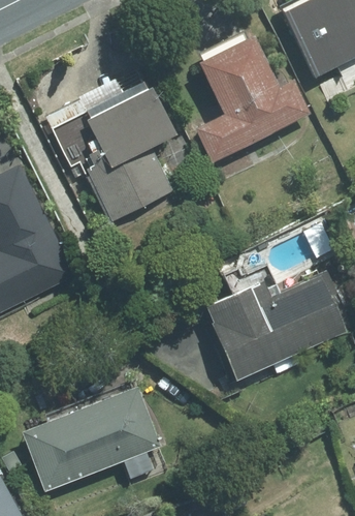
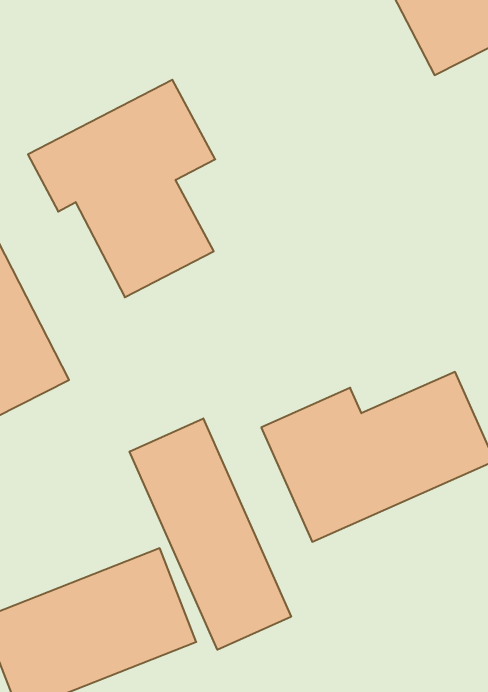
building: [193,35,311,161] -> none
building: none -> [130,418,291,650]

